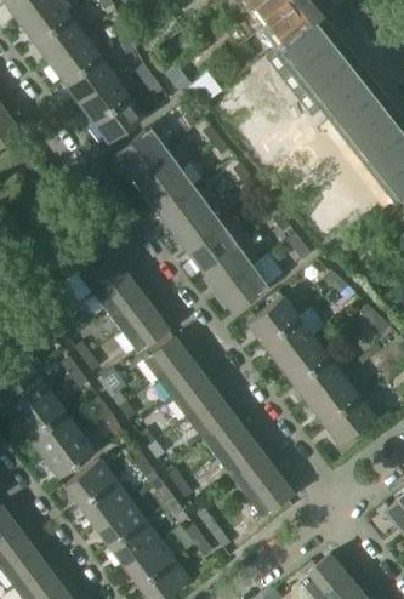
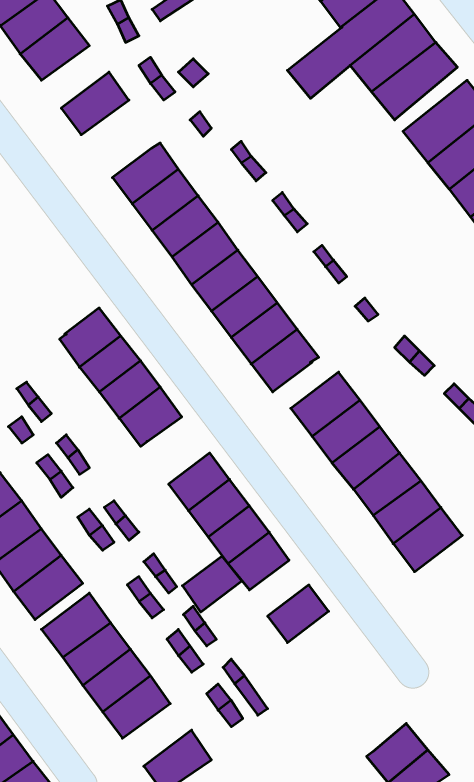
building: [64,56,114,102] -> none
building: [93,96,144,142] -> none
building: [143,336,188,378] -> none
building: [217,434,261,475] -> [182,556,242,612]
building: [245,472,291,515] -> none
building: [124,540,175,586] -> none

